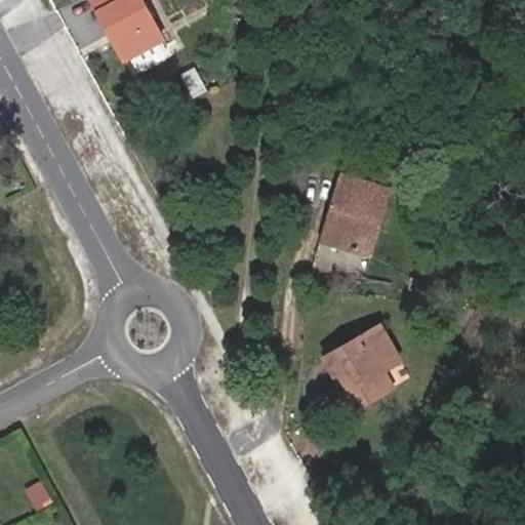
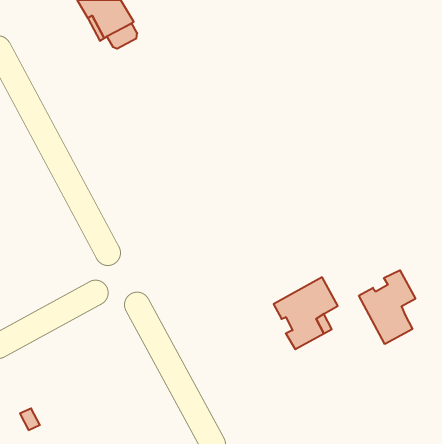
building: [320,172,386,249] -> none
building: none -> [359,270,415,344]

